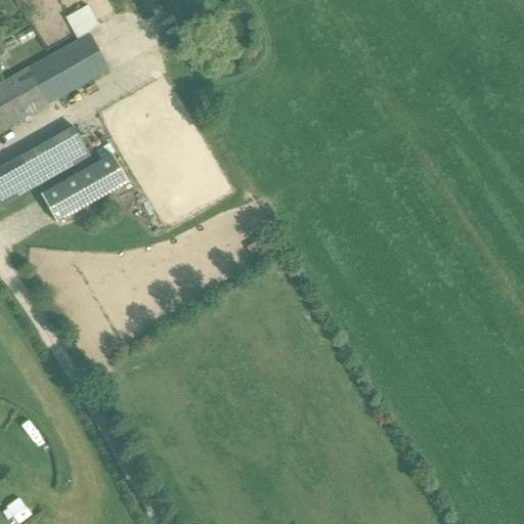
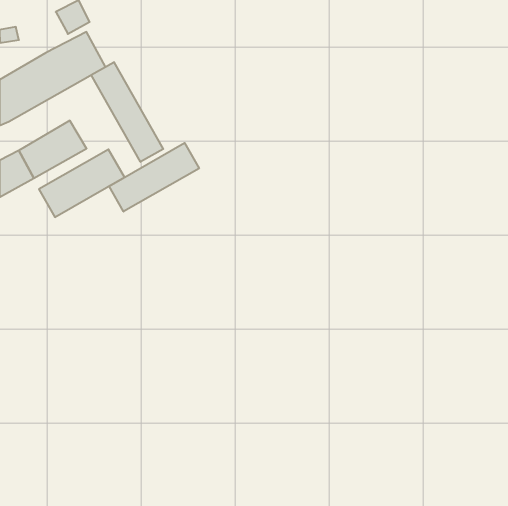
building: none -> [91,62,163,162]
building: none -> [109,143,199,212]

